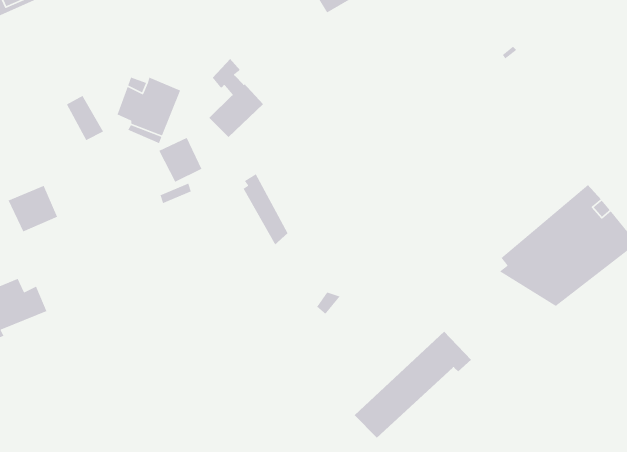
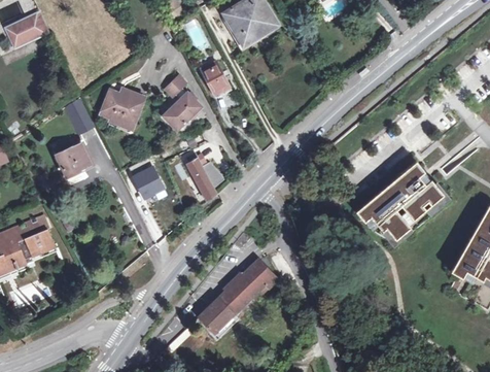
building: none -> [200,60,230,95]
building: [158,137,203,183] -> [134,166,164,197]
building: [7,185,58,233] -> [57,143,91,175]
building: [354,331,472,438] -> [198,260,277,332]

